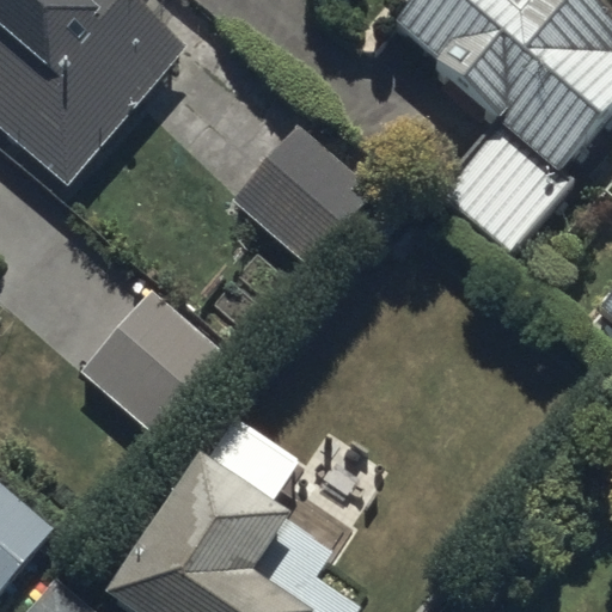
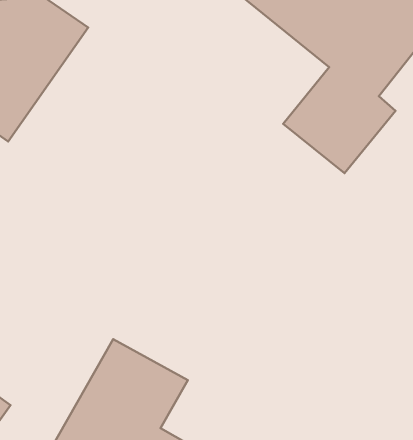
building: [232,127,374,268] -> none
building: [80,289,233,442] -> none

